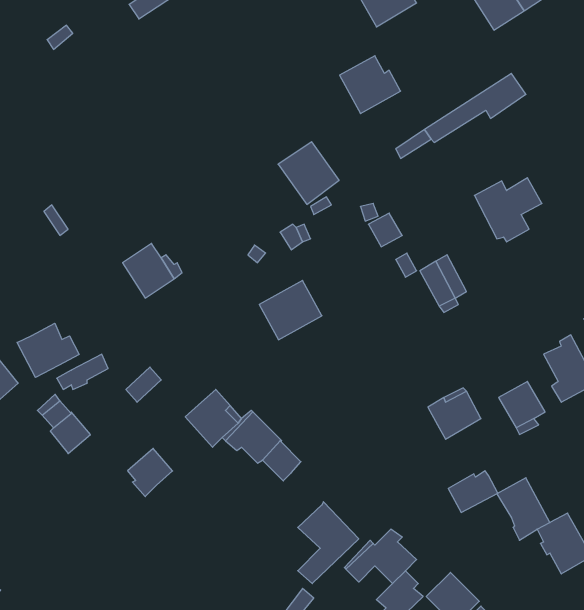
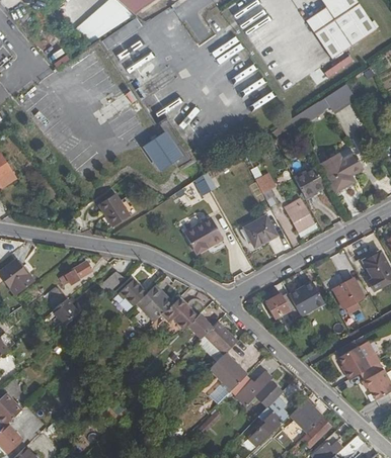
building: [278,142,339,204] -> [143,130,181,170]
building: none -> [291,167,322,198]
building: none -> [245,215,278,247]
building: [17,323,79,377] -> none
building: [128,448,173,497] -> [120,277,148,307]
building: none -> [205,322,236,356]
building: [448,471,498,512] -> [265,291,297,317]

